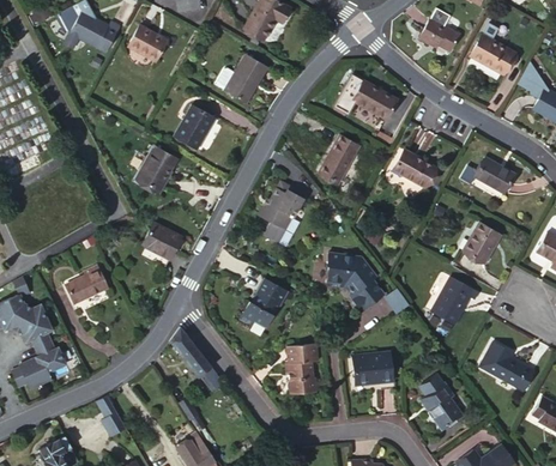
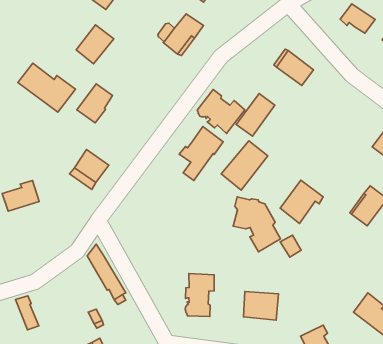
building: [175,105,216,150] -> [76,25,114,64]
building: none -> [18,63,75,112]
building: none -> [197,89,245,134]
building: [393,149,436,187] -> none
building: none -> [221,141,268,190]
building: [431,276,478,325] -> [280,180,323,223]
building: [241,280,288,329] -> none

